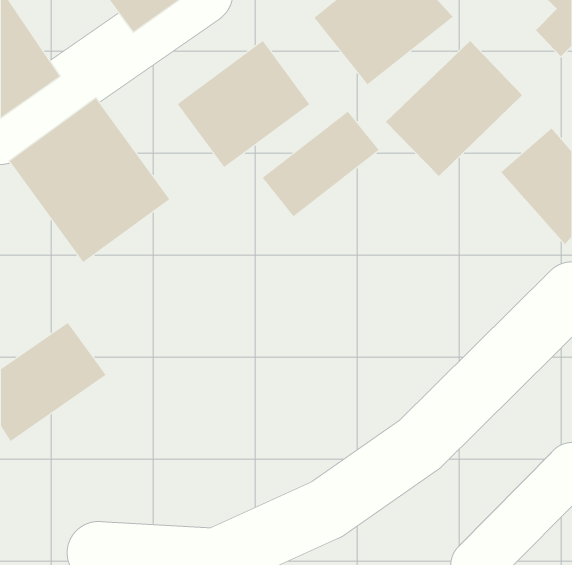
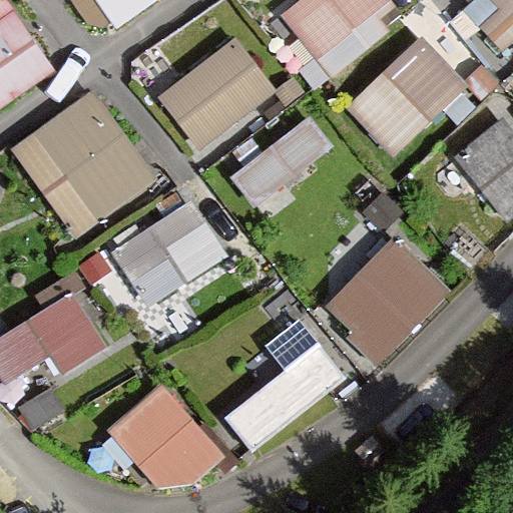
building: none -> [105,197,223,309]
building: none -> [327,236,451,371]
building: none -> [226,319,347,452]
building: none -> [106,383,225,489]

